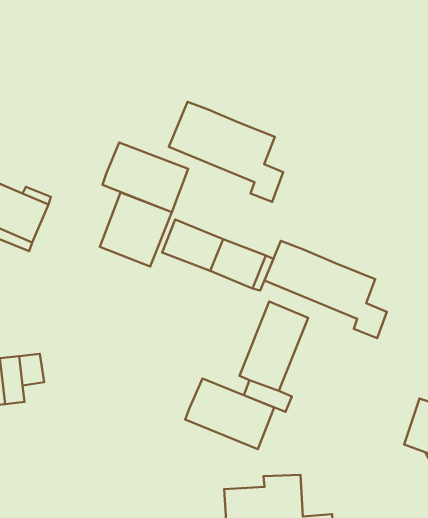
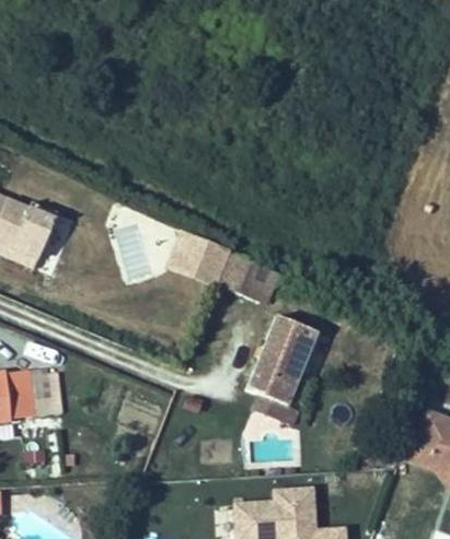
building: [169,102,283,202] -> none
building: [102,142,188,212] -> none
building: [264,241,387,338] -> none
building: [185,379,274,449] -> none

